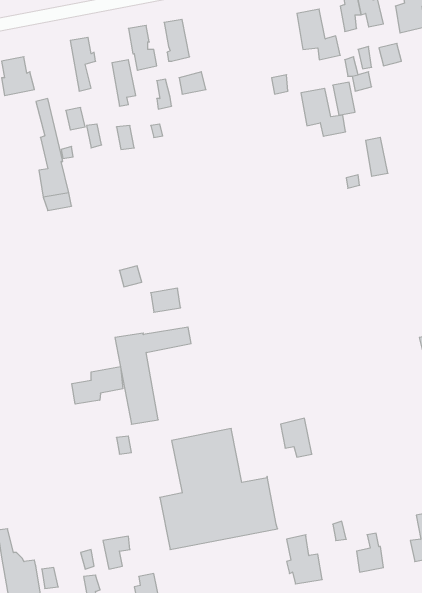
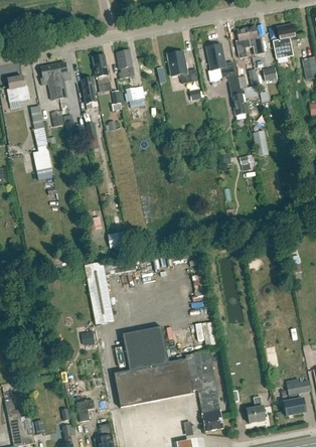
building: none -> [40,64,59,100]
building: [301,88,346,136] -> [167,51,197,84]
building: [72,367,123,404] -> none
building: none -> [185,350,218,401]

